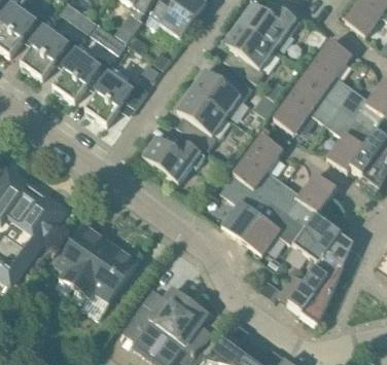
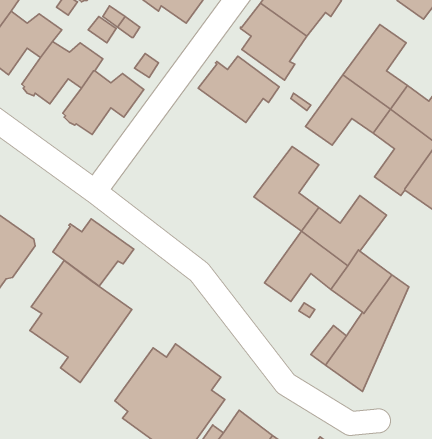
building: [174,88,226,149] -> none
building: [142,131,205,183] -> [53,219,134,286]
building: [219,173,270,240] -> none

